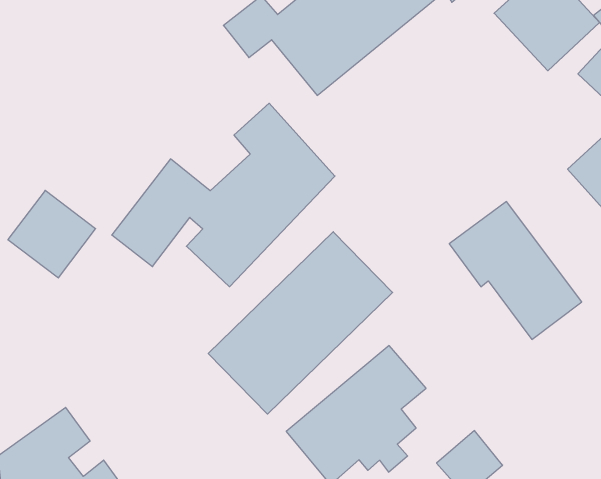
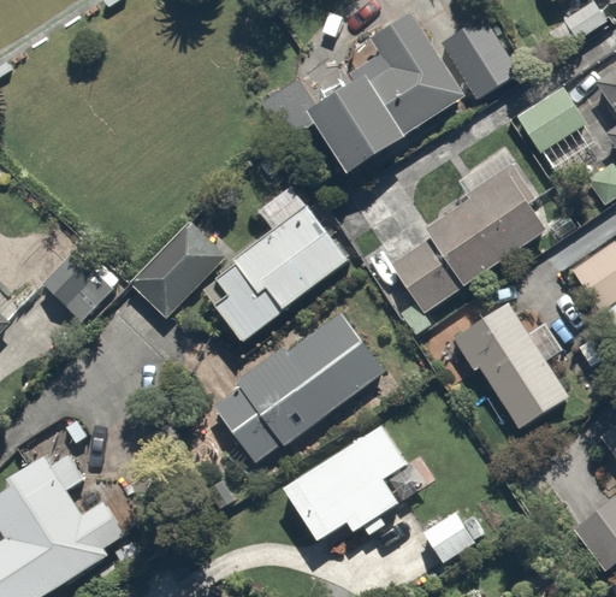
building: none -> [387,171,540,315]

